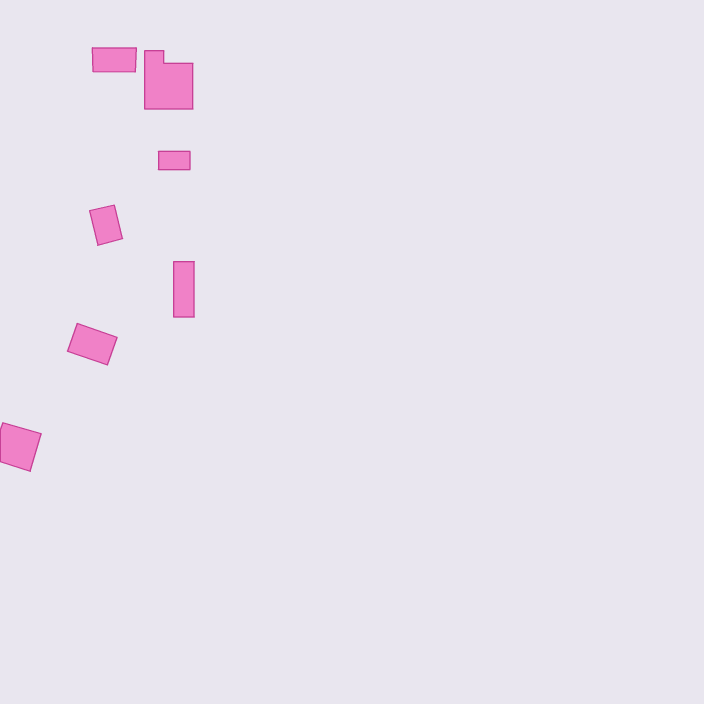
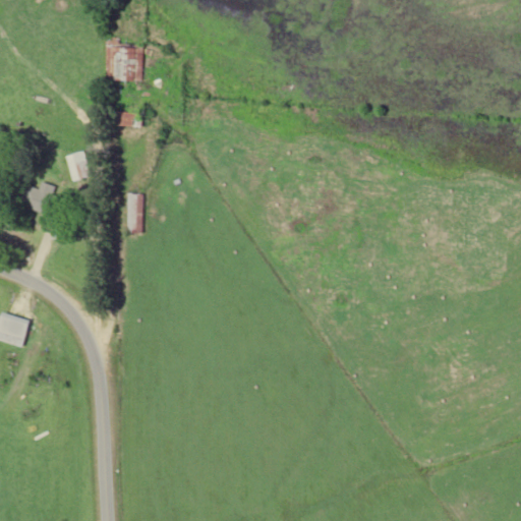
building: [93,48,136,72] -> none
building: [67,324,117,365] -> [20,185,57,216]

